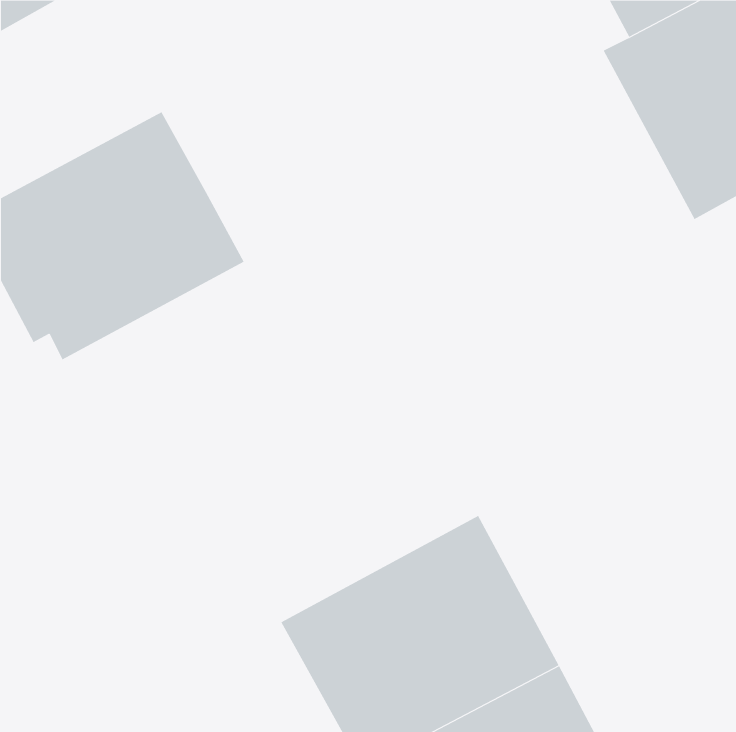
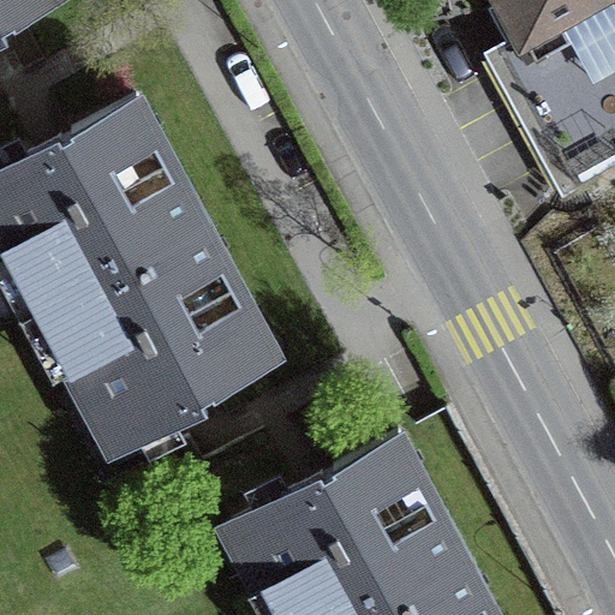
building: none -> [53,223,279,443]

